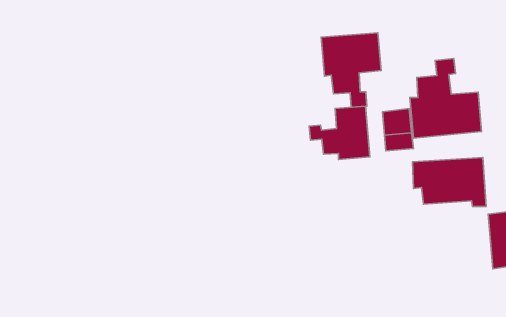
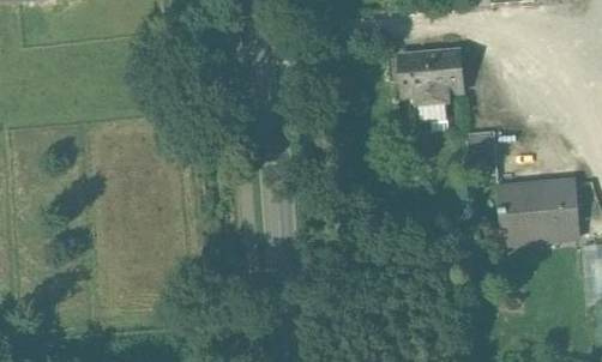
building: [410,59,481,138] -> none
building: [309,106,370,159] -> none

